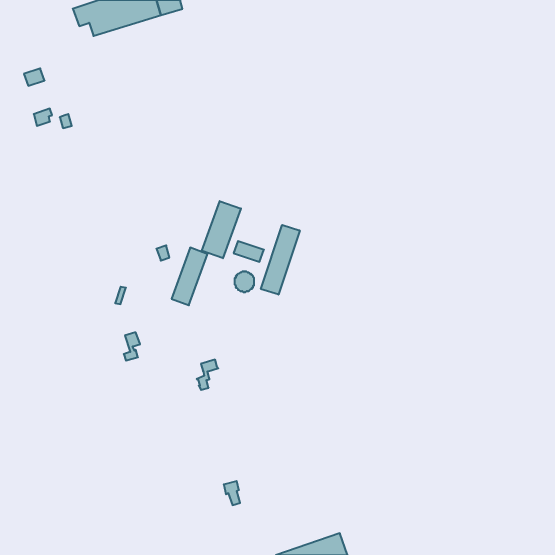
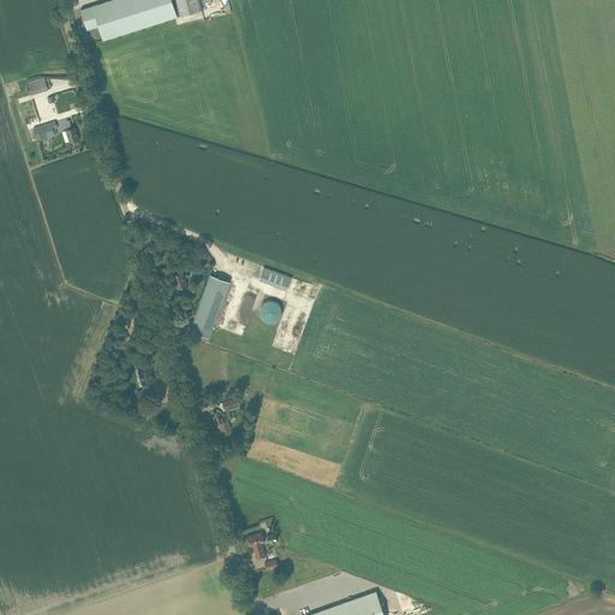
building: [202,201,241,258] -> none
building: [261,225,300,295] -> none

